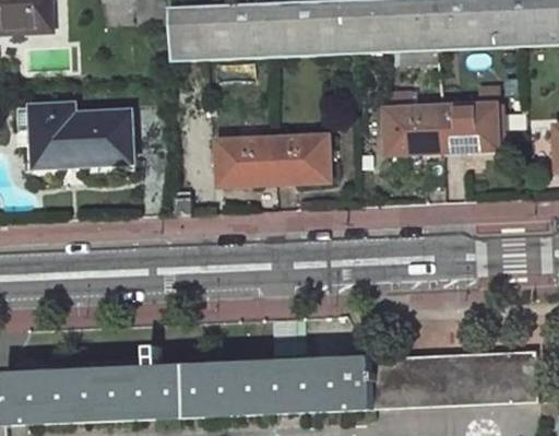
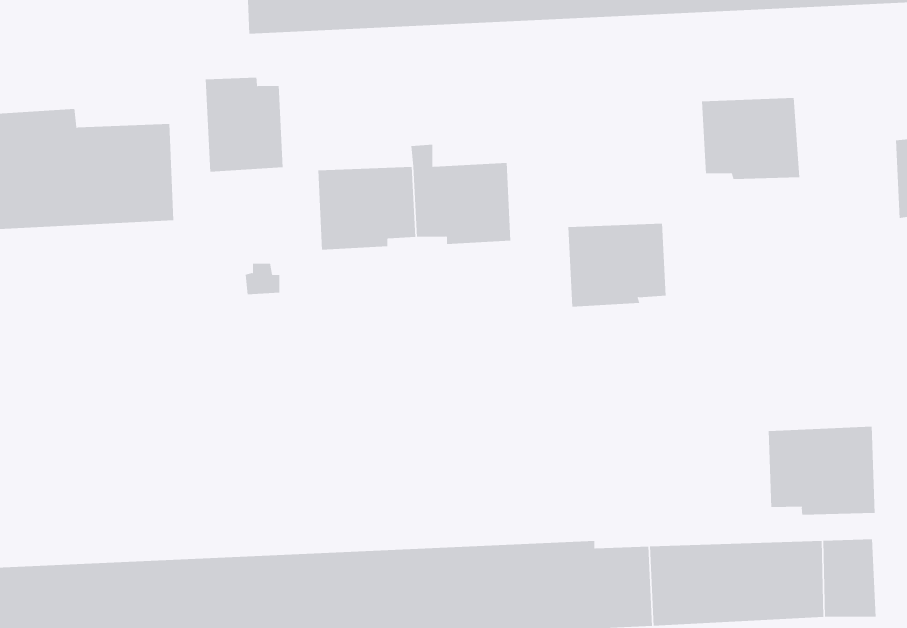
building: none -> [205,77,283,172]
building: [381,99,439,149] -> [568,223,666,307]
building: none -> [768,426,875,515]

